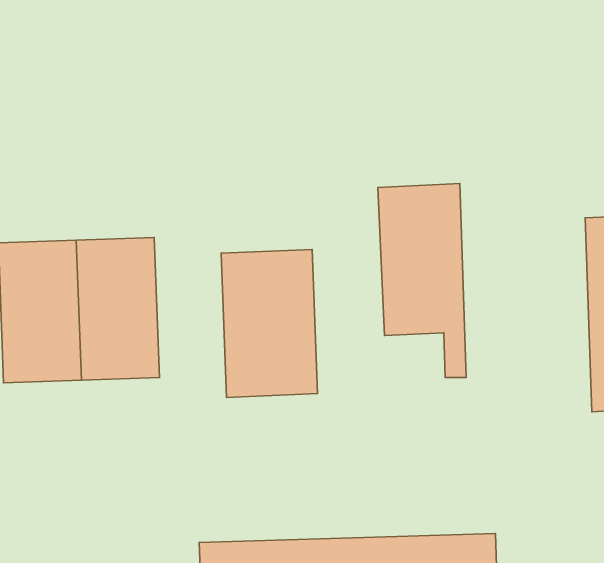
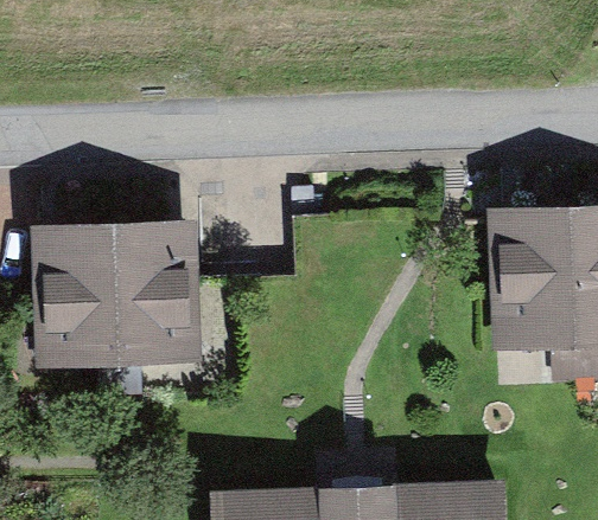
building: [378,183,466,378] -> [497,204,577,378]
building: [221,250,317,397] -> none

